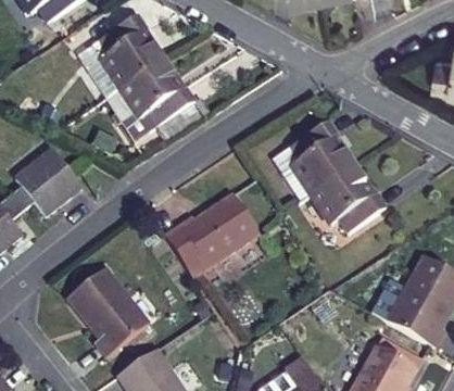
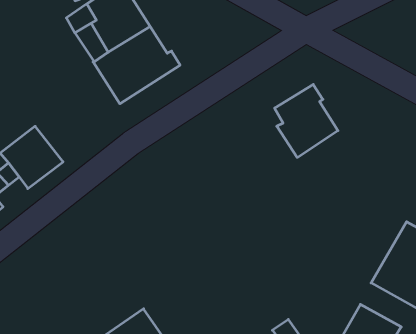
building: [313,171,384,235] -> none
building: [161,192,257,277] -> none
building: [67,270,148,357] -> none

